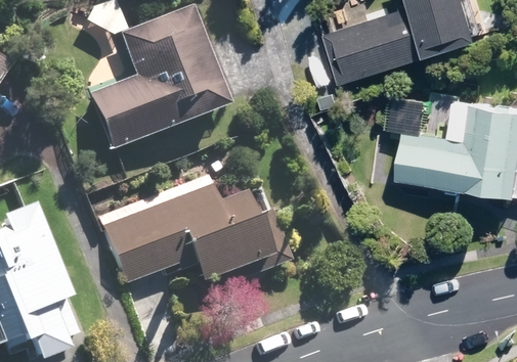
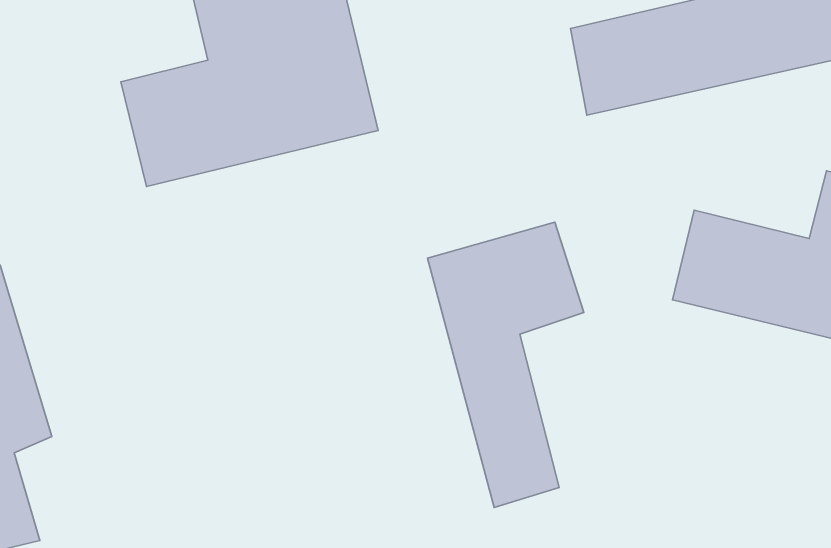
building: none -> [427,222,584,508]
building: [101,183,269,283] -> none

